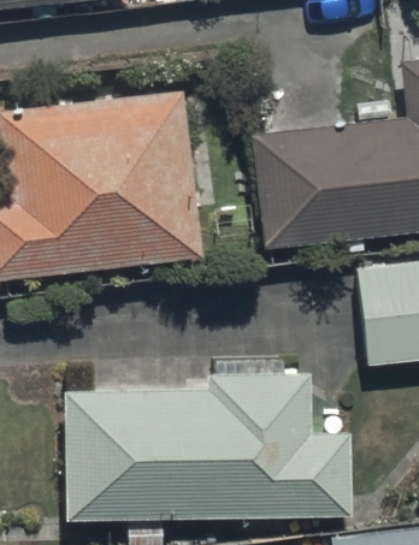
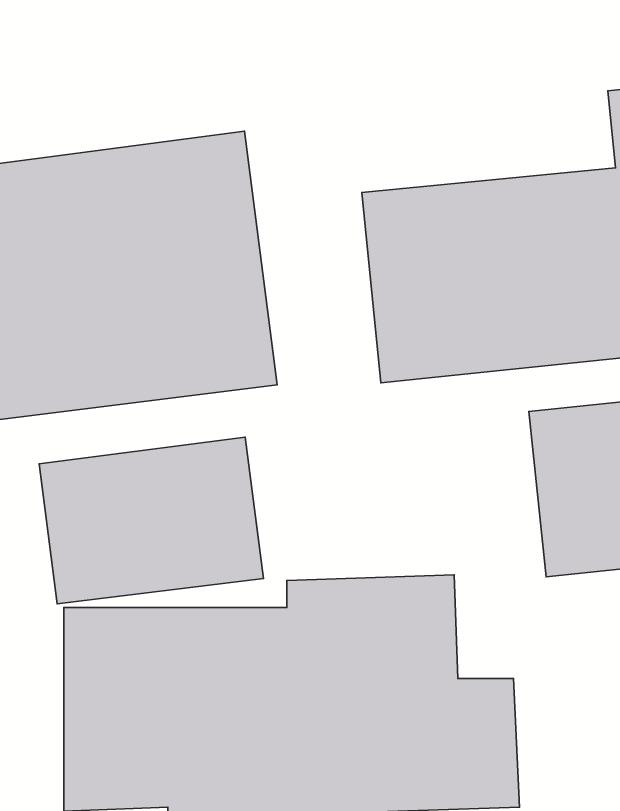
building: none -> [39,437,264,604]

